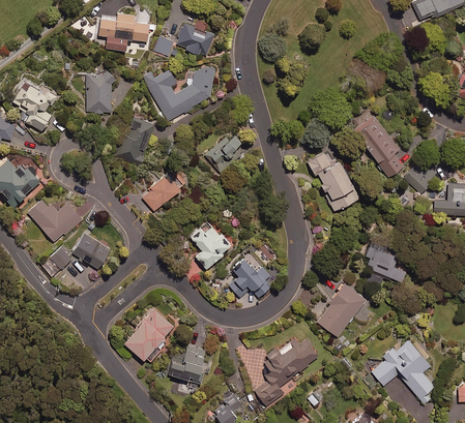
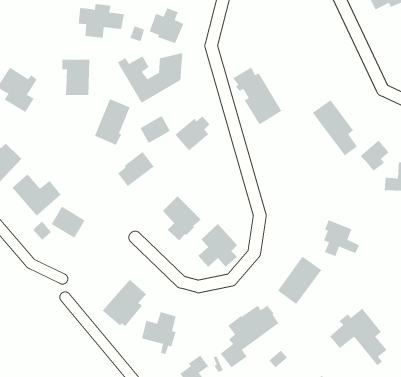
building: none -> [140,115,170,144]
building: [306,150,359,213] -> [232,67,282,125]

